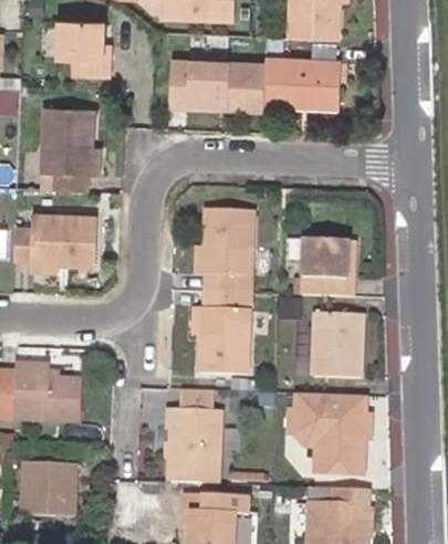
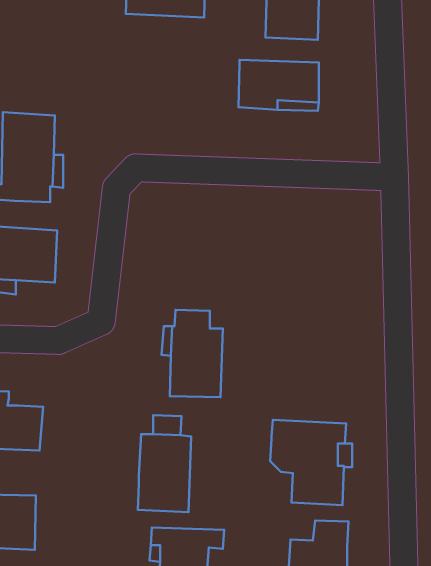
building: [58,20,106,77] -> none
building: [168,59,264,111] -> none
building: [202,212,253,293] -> none
building: [303,240,356,297] -> none
building: [314,315,361,377] -> none

